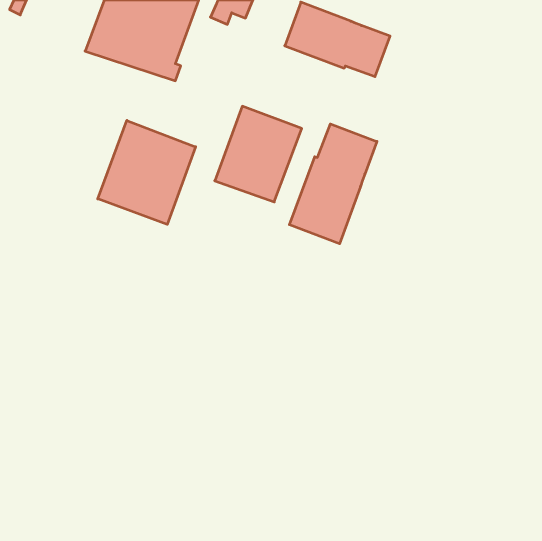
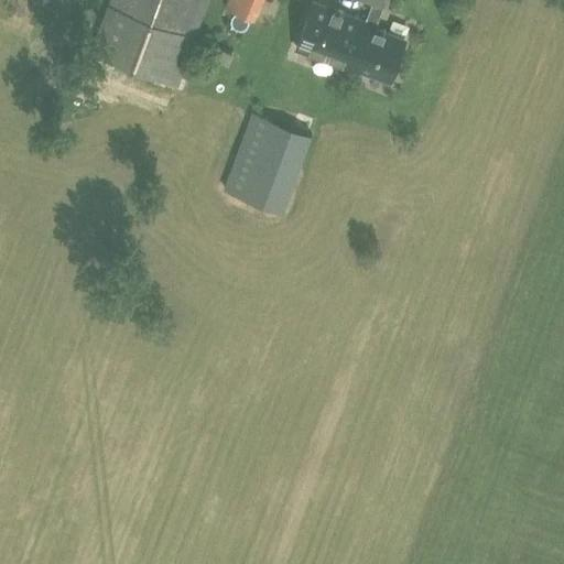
building: [98,120,196,224] -> none
building: [289,124,377,244] -> none

